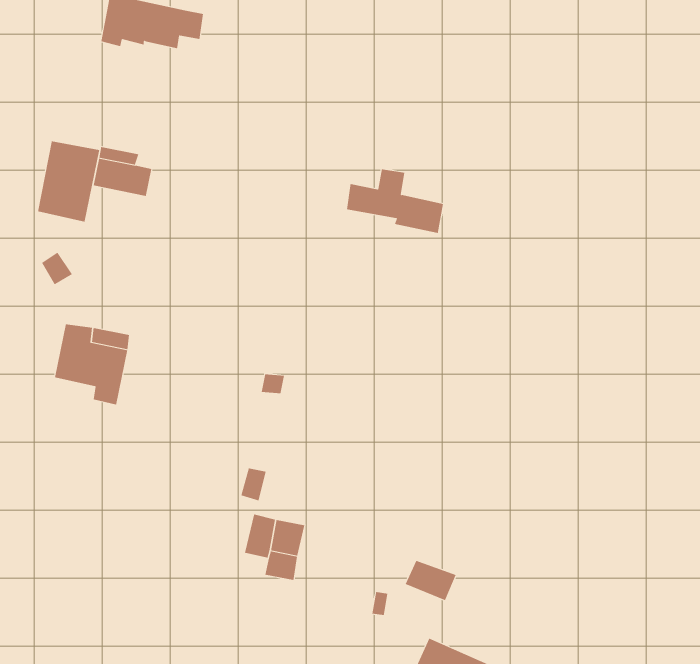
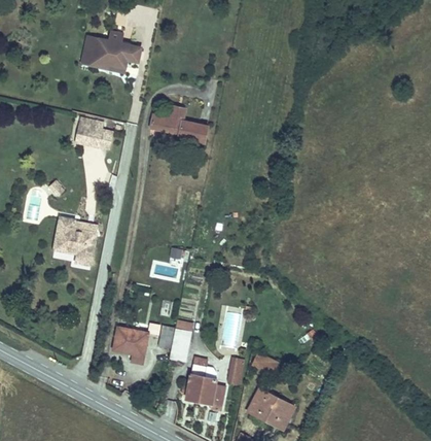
building: [37,140,100,222] -> none
building: [346,169,444,233] -> [154,104,209,140]
building: none -> [112,326,145,351]
building: none -> [189,360,218,404]

